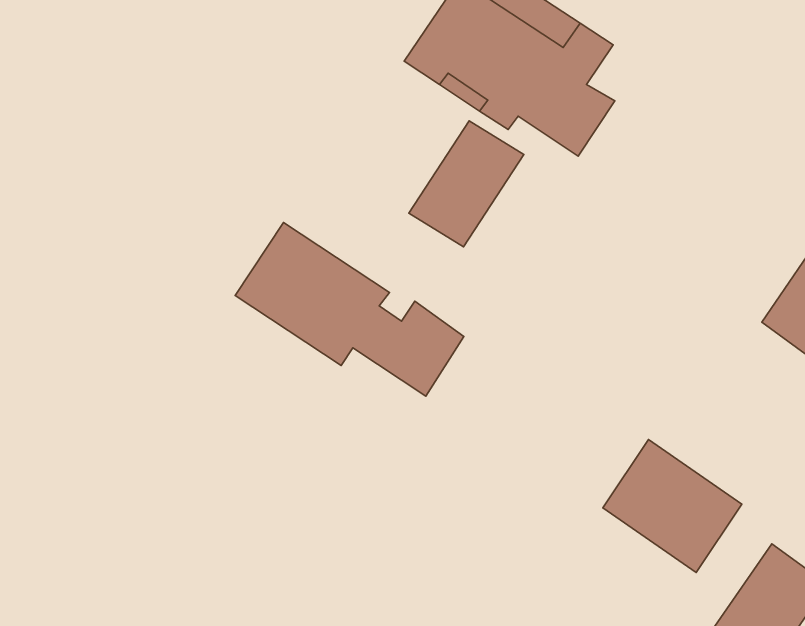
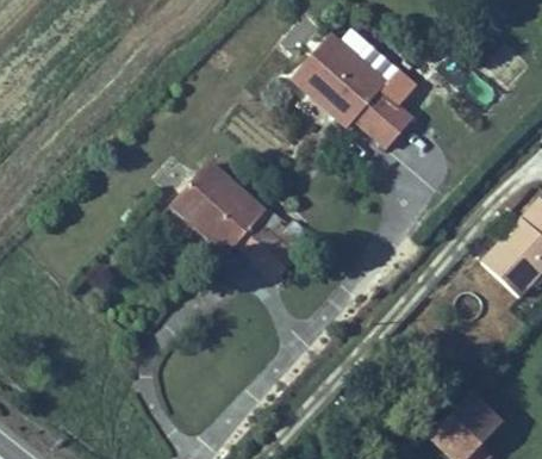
building: [409,121,524,247] -> none
building: [603,439,742,573] -> none

